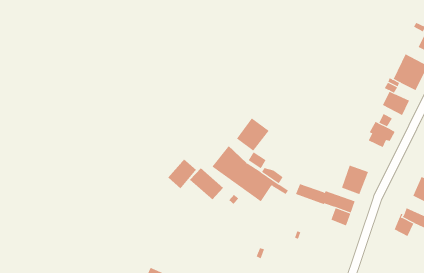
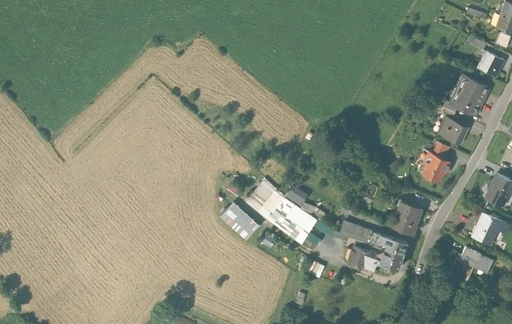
building: [236,117,269,151] -> none
building: [168,159,197,189] -> none
building: none -> [350,244,383,268]

